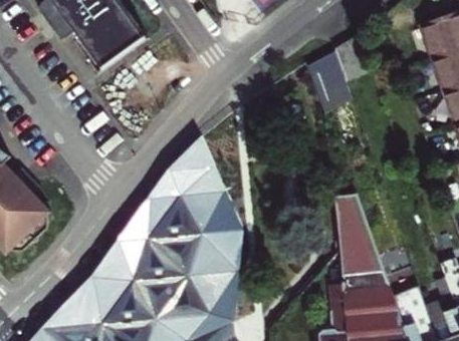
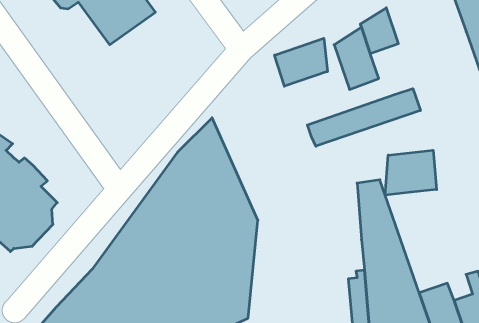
building: none -> [275,38,327,86]
building: none -> [307,89,420,146]
building: none -> [385,150,437,195]

